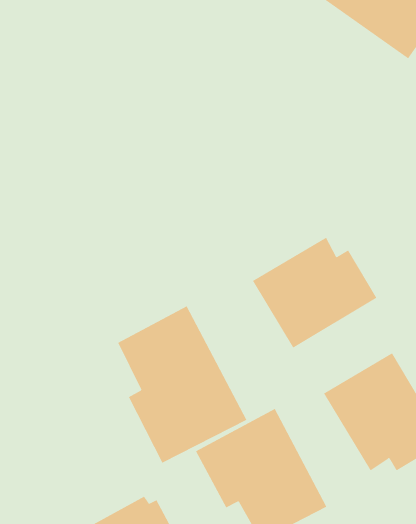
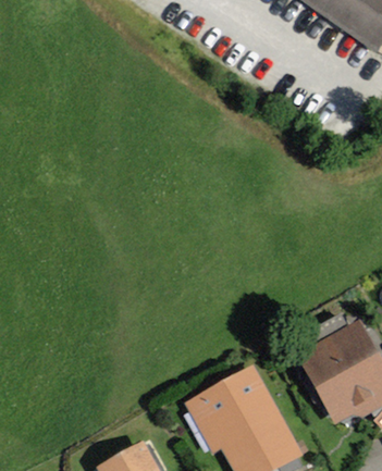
building: [252,237,377,348] -> none
building: [118,306,247,464] -> none

